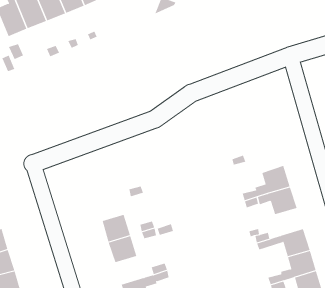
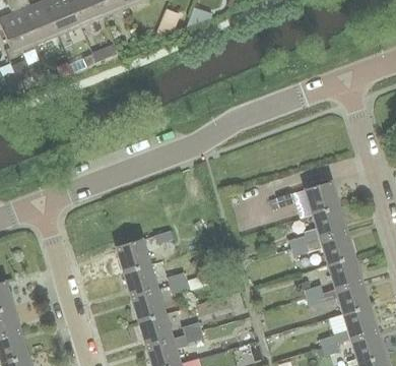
building: none -> [304,181,338,215]
building: none -> [115,238,149,271]
building: none -> [327,256,361,289]
building: none -> [138,313,173,347]

